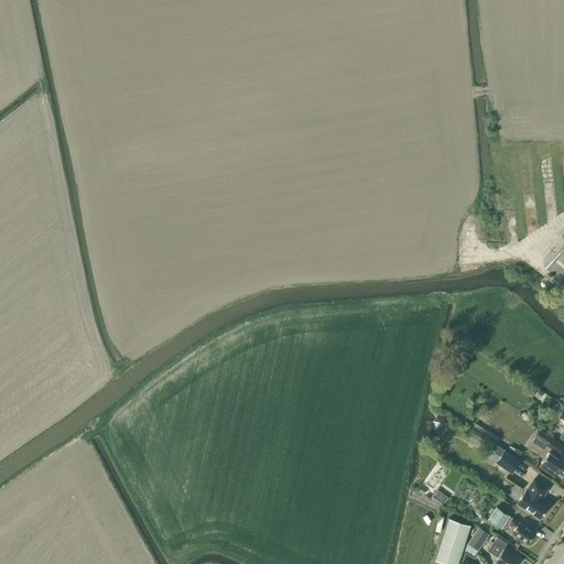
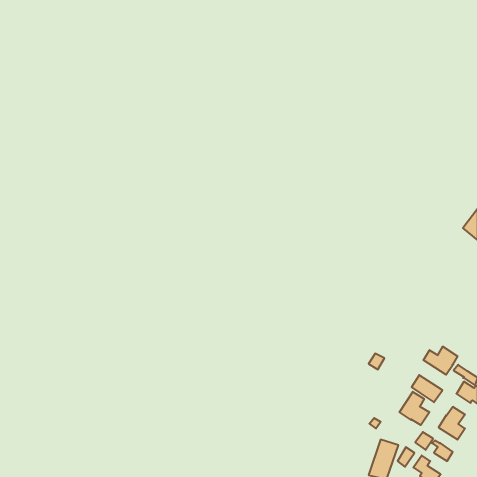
building: none -> [423,346,457,375]
building: none -> [400,392,429,425]

